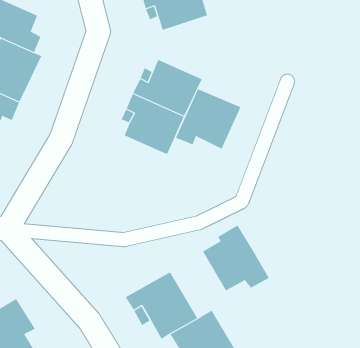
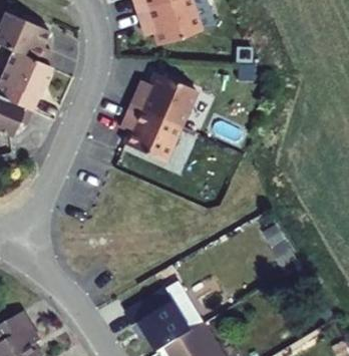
building: [175,89,241,149] -> none
building: [202,225,270,291] -> none

